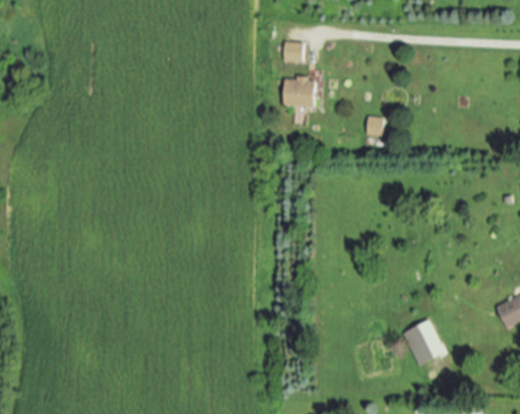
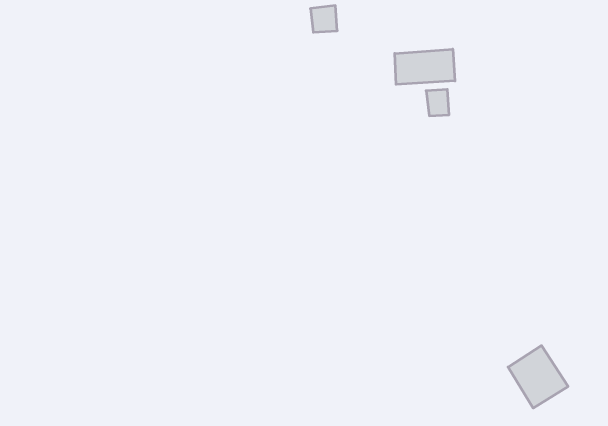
building: [284,77,316,107] -> none
building: none -> [395,49,455,84]

